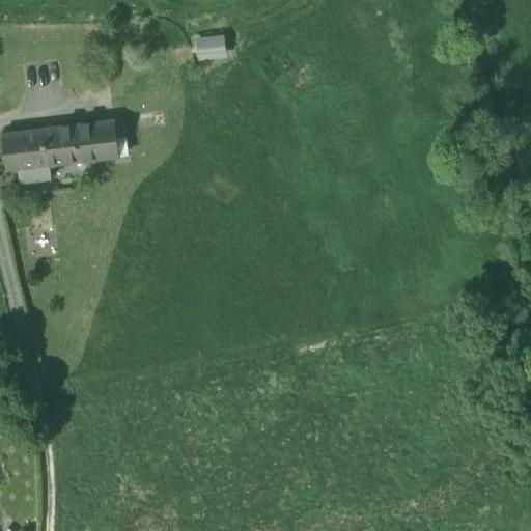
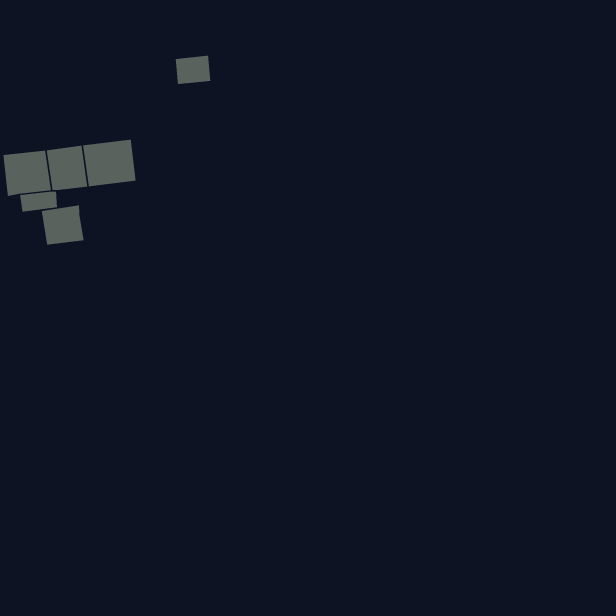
building: [196,37,227,63] -> [175,55,211,85]
building: none -> [41,204,85,246]

